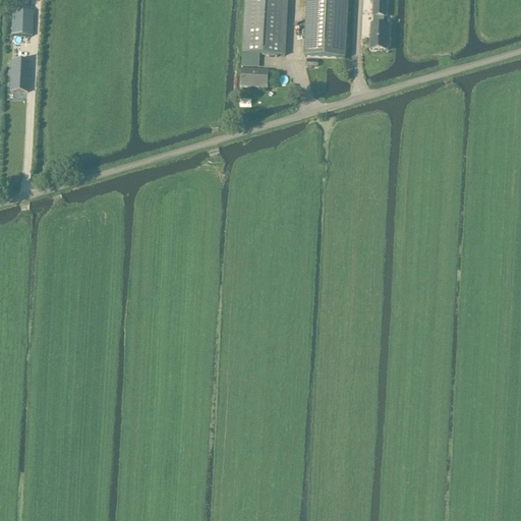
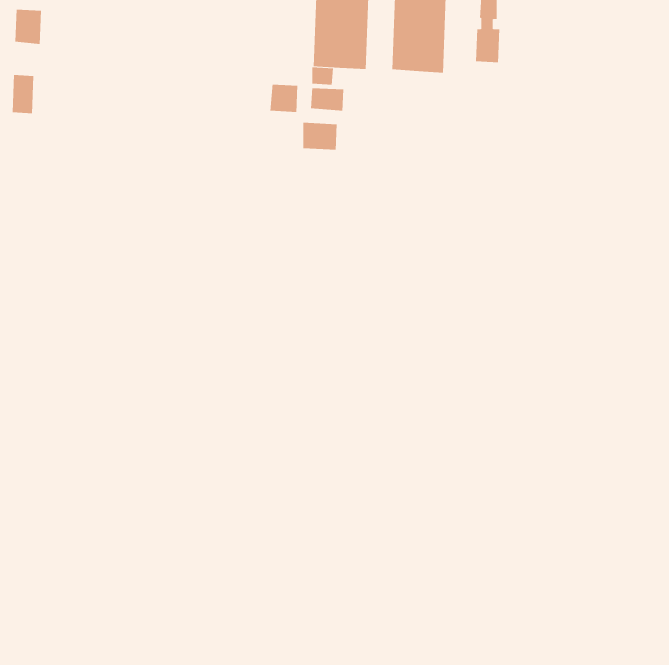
building: none -> [270,84,298,113]
building: none -> [303,122,337,151]

